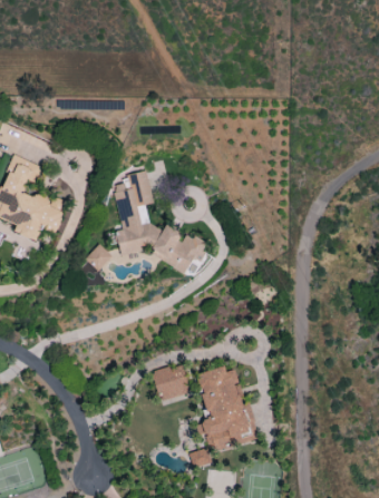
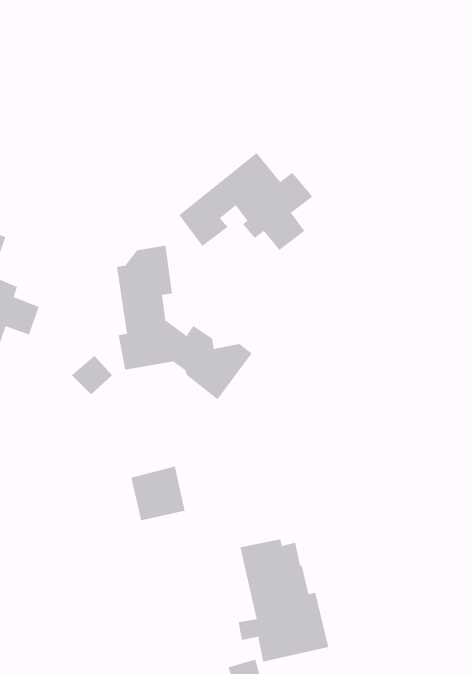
building: none -> [178,152,313,251]
building: [153,363,189,400] -> [130,466,185,521]

